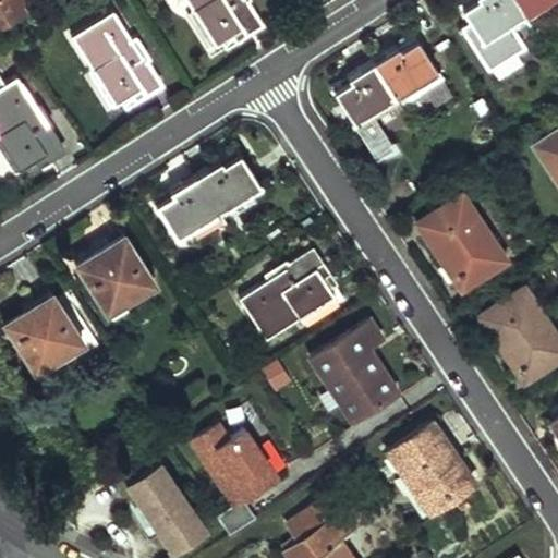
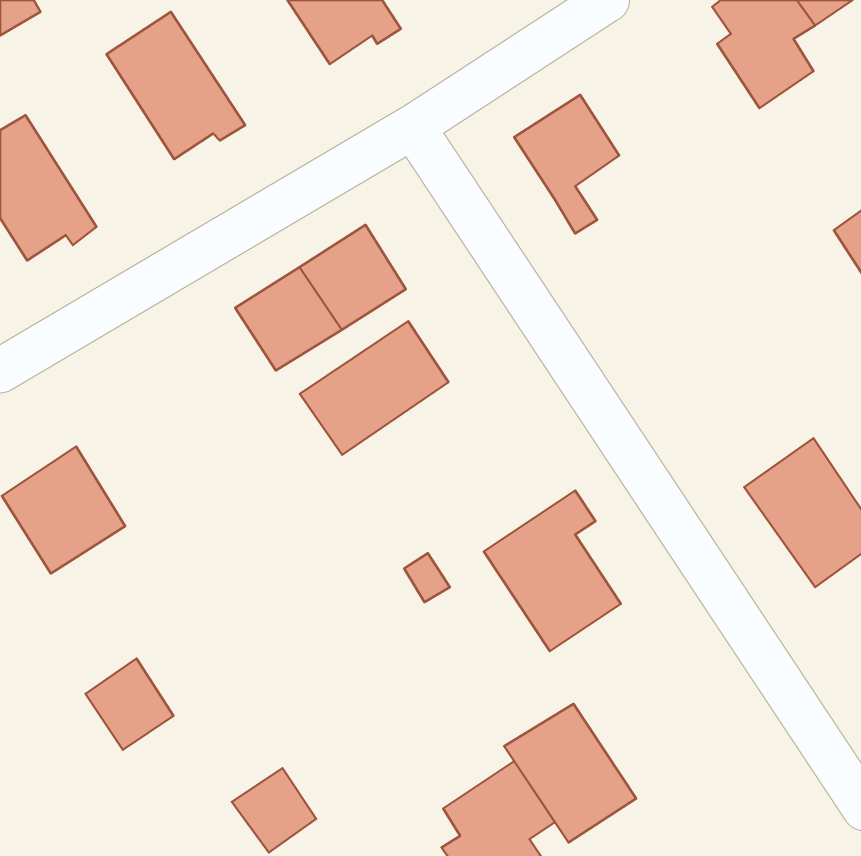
building: [376,40,441,106] -> none
building: [417,197,506,293] -> none
building: [78,236,156,315] -> none
building: [241,255,337,341] -> [300,321,449,455]
building: [392,424,477,513] -> [504,704,636,843]
building: [194,427,280,541] -> none
building: [128,463,184,522] -> [86,658,174,750]

